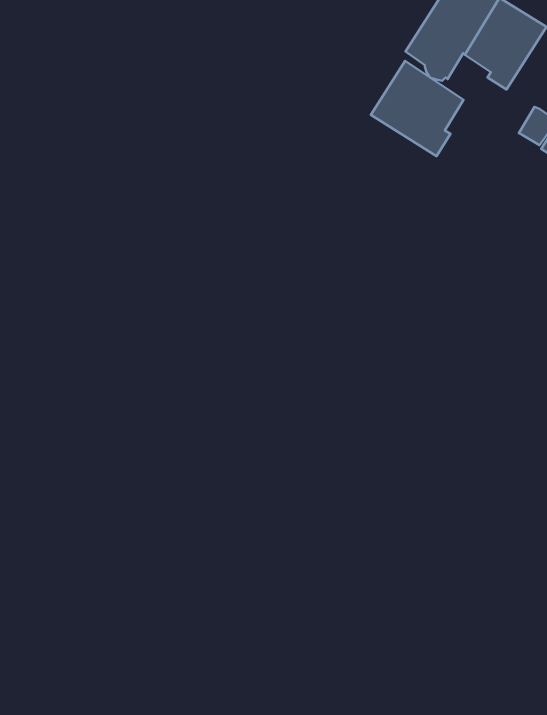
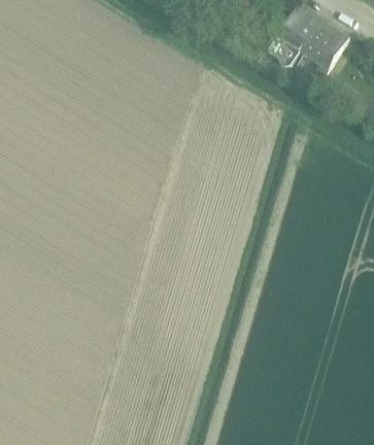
building: [371,61,463,156] -> none

